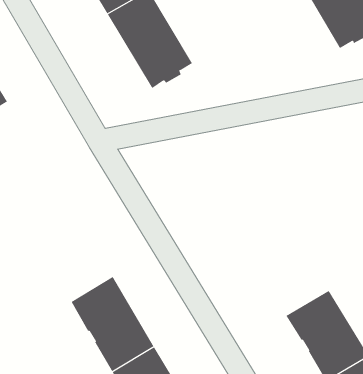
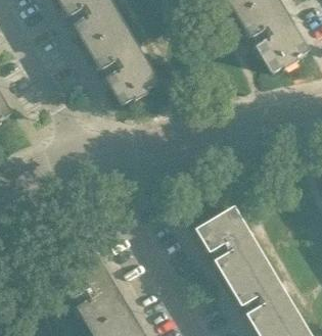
building: none -> [195,208,264,286]

